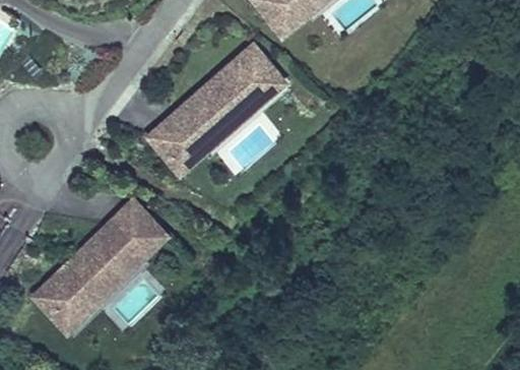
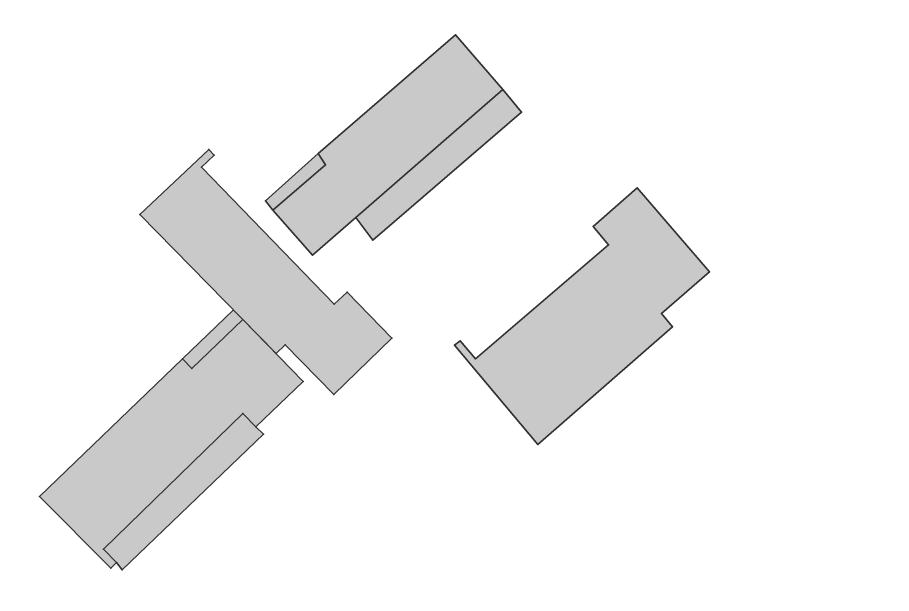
building: none -> [140,149,392,395]
building: none -> [455,188,710,444]

